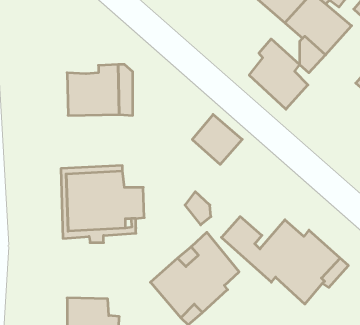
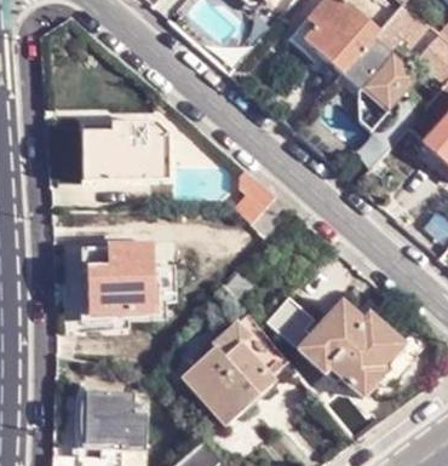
building: [249,39,308,109] -> none

